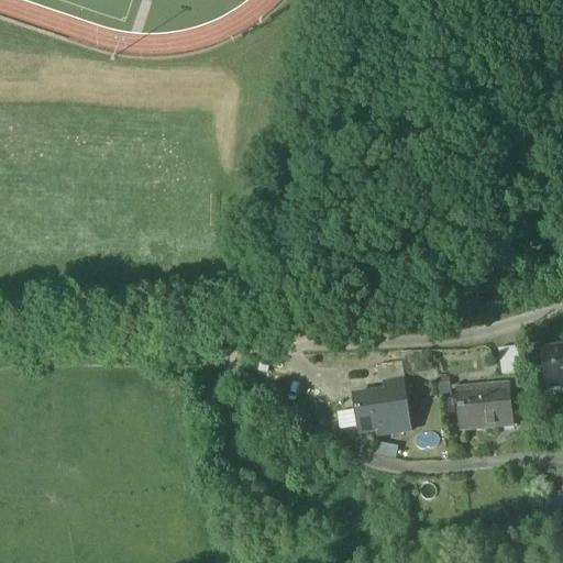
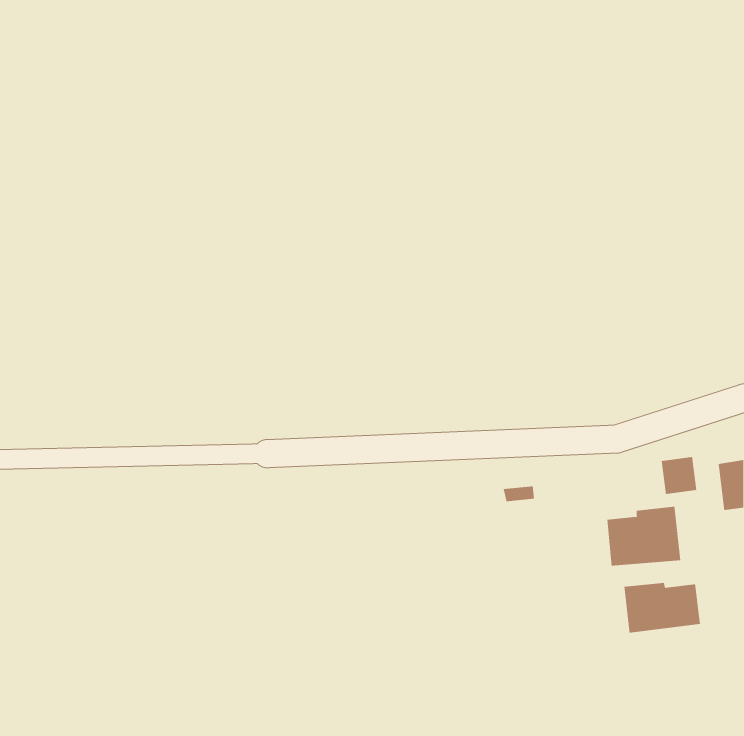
building: [353,378,409,428] -> none
building: none -> [624,582,700,634]

